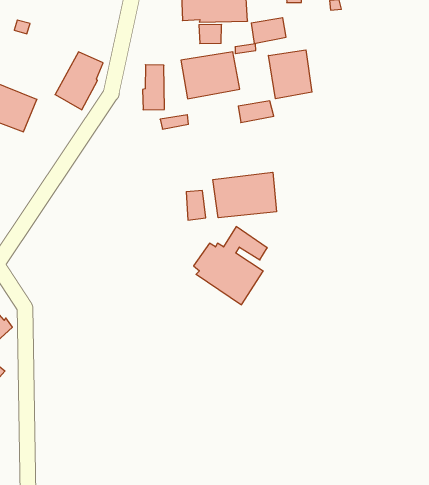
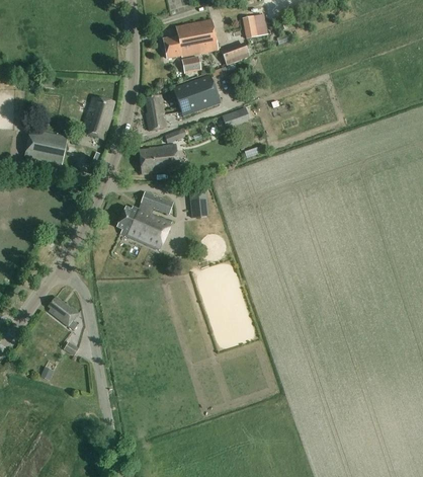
building: [268,50,312,99] -> none
building: none -> [139,144,178,173]
building: [213,172,276,218] -> none
building: [194,227,267,305] -> [117,190,171,249]

